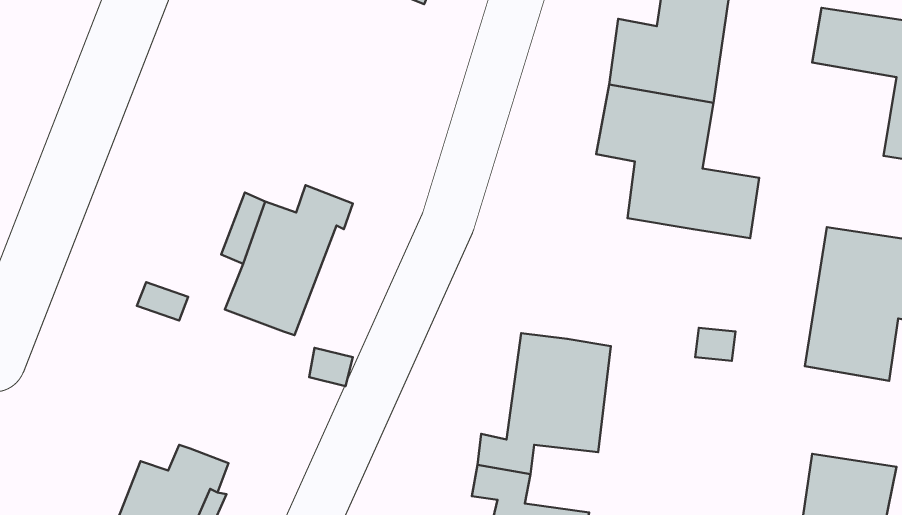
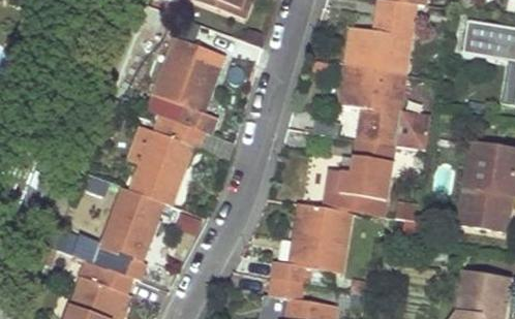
building: none -> [148,36,225,133]
building: none -> [324,136,395,216]
building: none -> [54,187,163,280]

